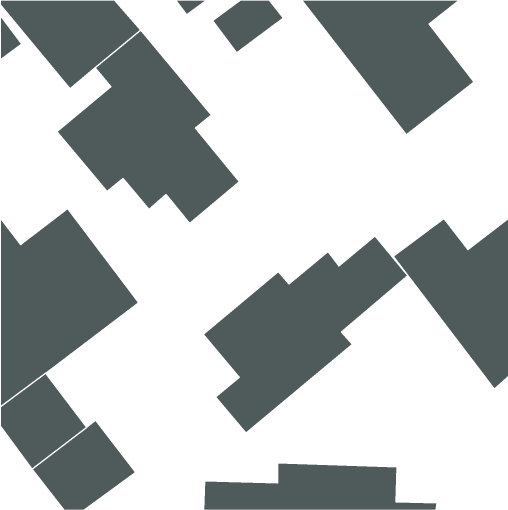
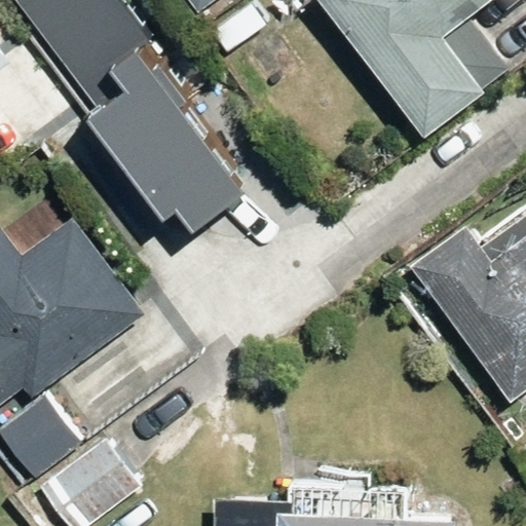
building: [203,236,408,433] -> none

